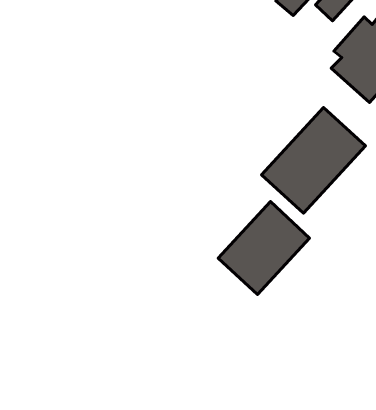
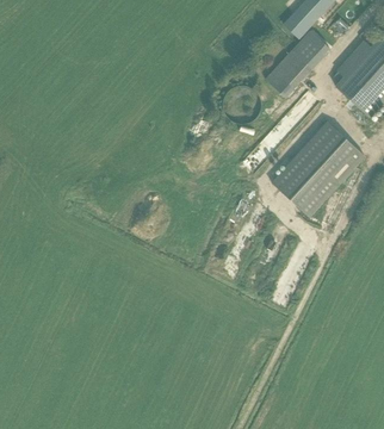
building: none -> [265,29,329,97]
building: [218,202,309,295] -> none

